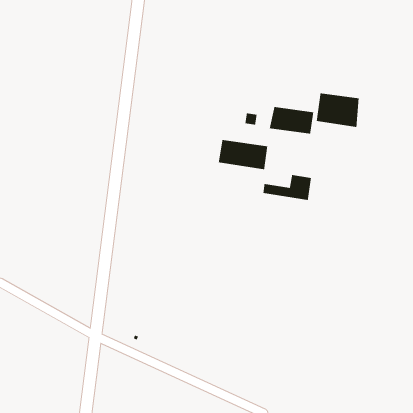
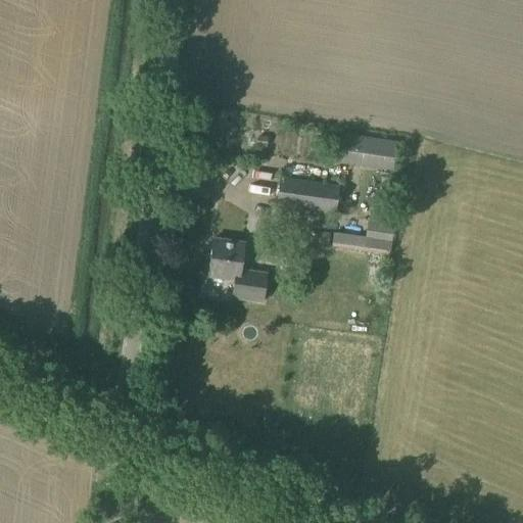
building: [316,92,360,128] -> none
building: none -> [208,238,268,302]

